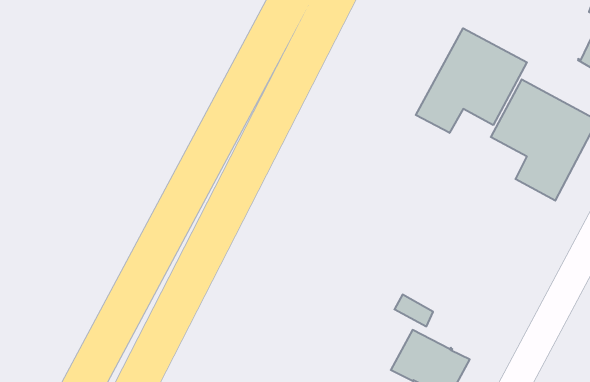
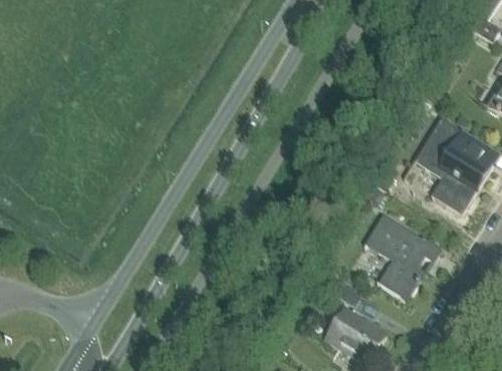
building: [416,28,527,133] -> none
building: none -> [364,214,440,300]

